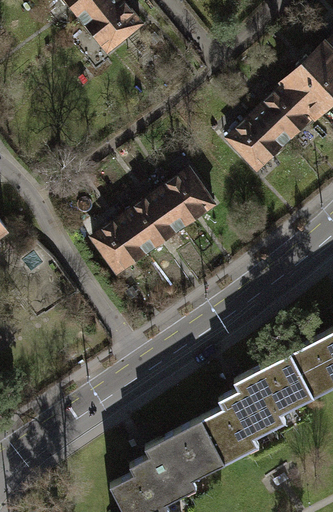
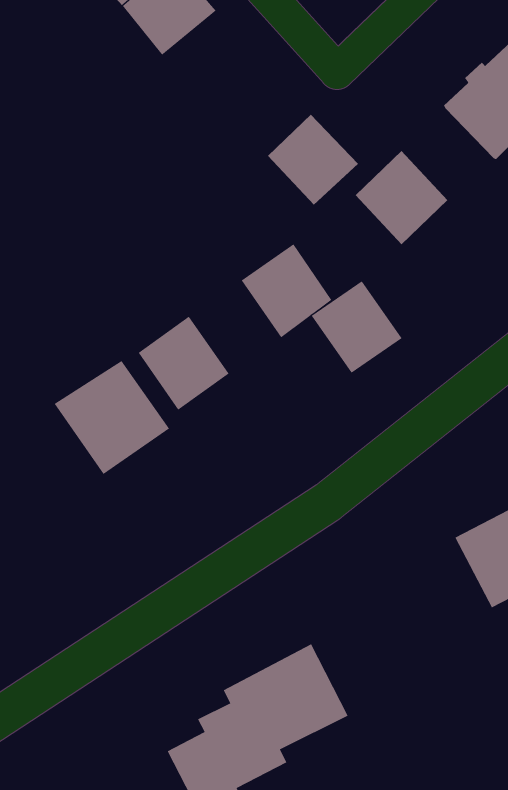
building: [256,86,313,143] -> [267,114,359,205]
building: [124,193,181,251] -> [311,280,403,374]
building: none -> [54,360,170,475]
building: [200,353,312,464] -> none

